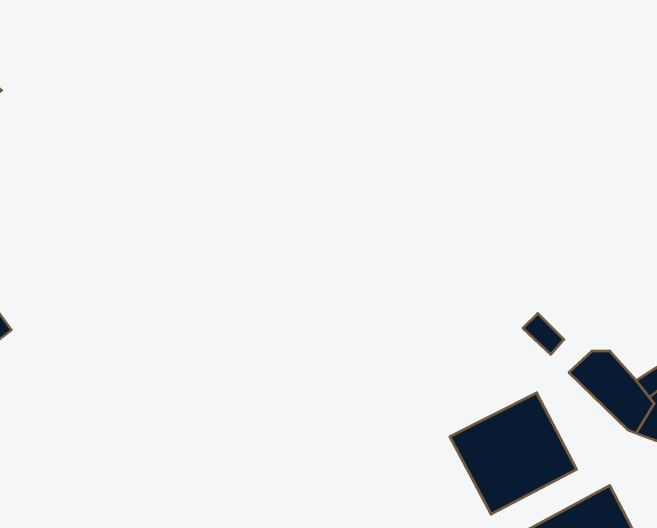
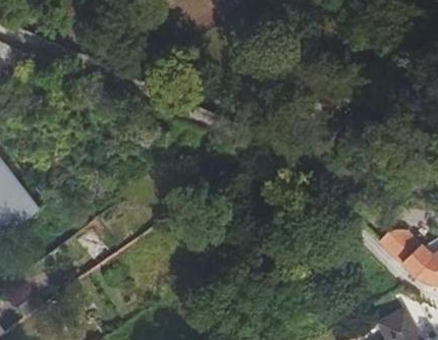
building: [450,393,576,514] -> none

